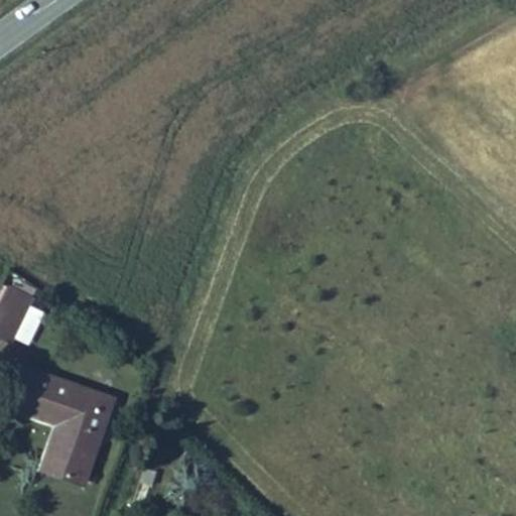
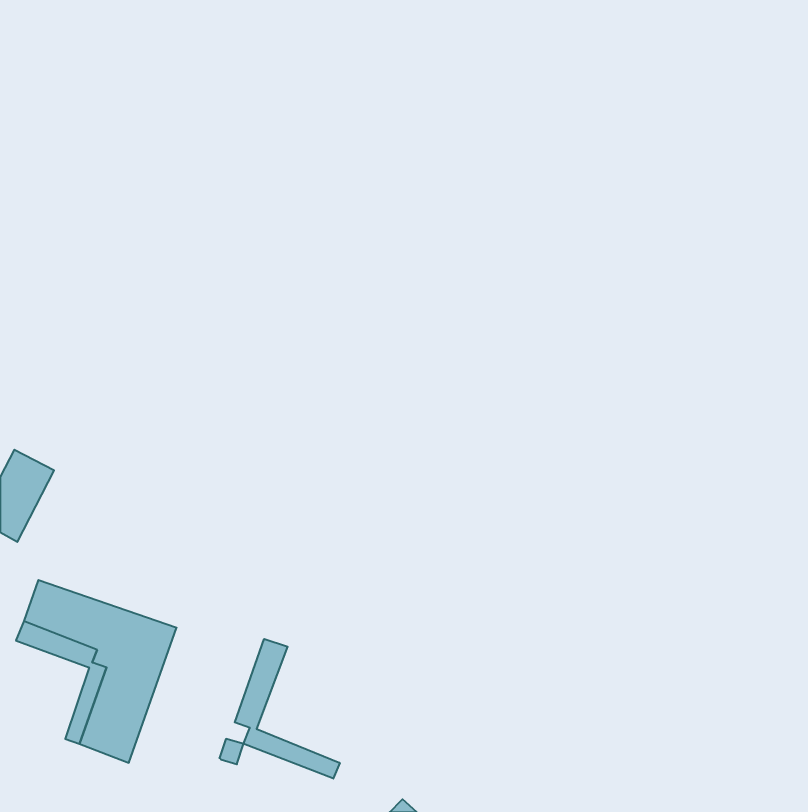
building: none -> [235,639,340,779]

